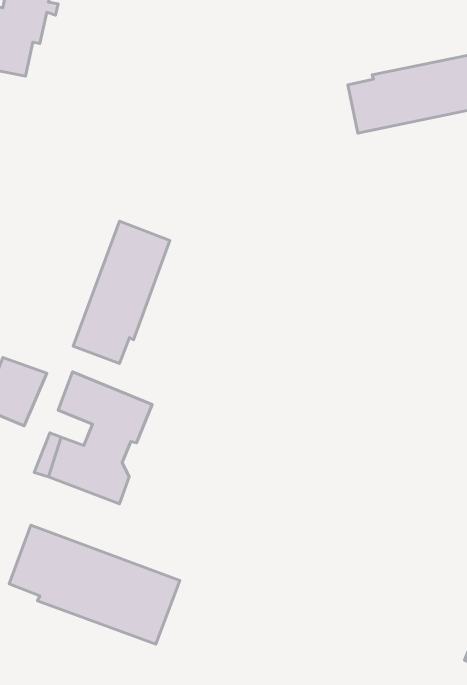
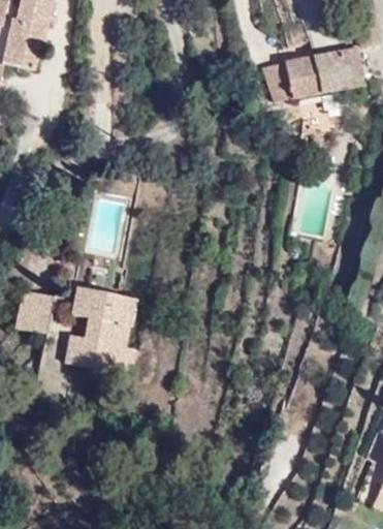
building: [73,221,170,363] -> none
building: [9,525,180,644] -> none

